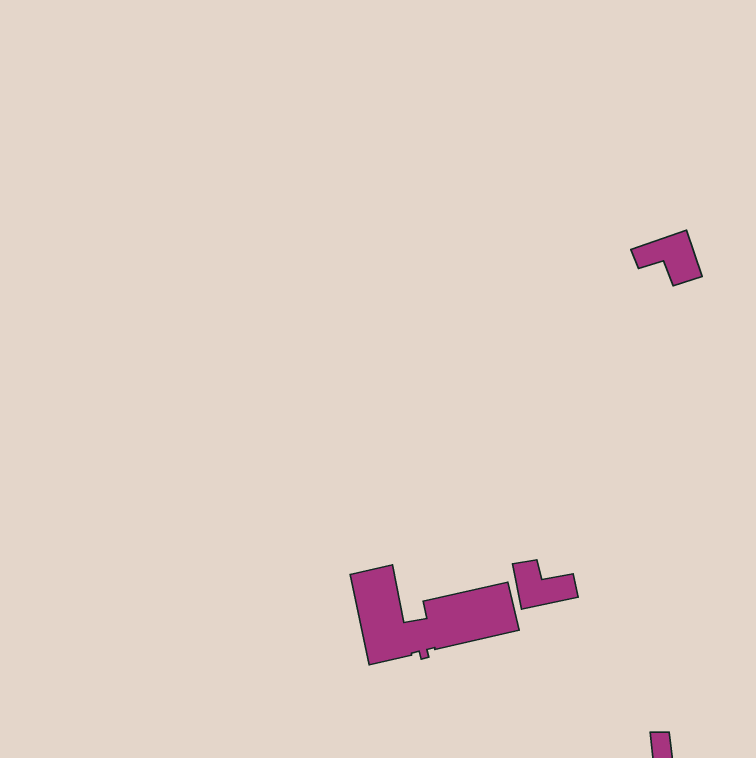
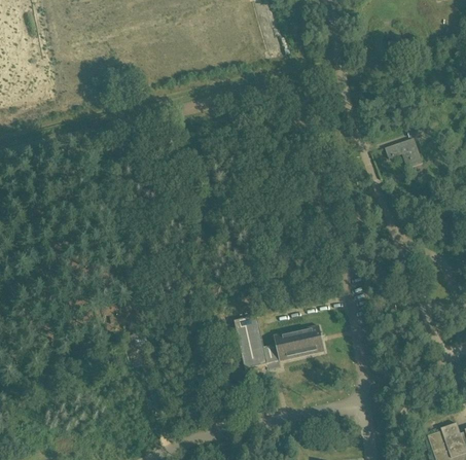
building: [513,560,578,609] -> none

